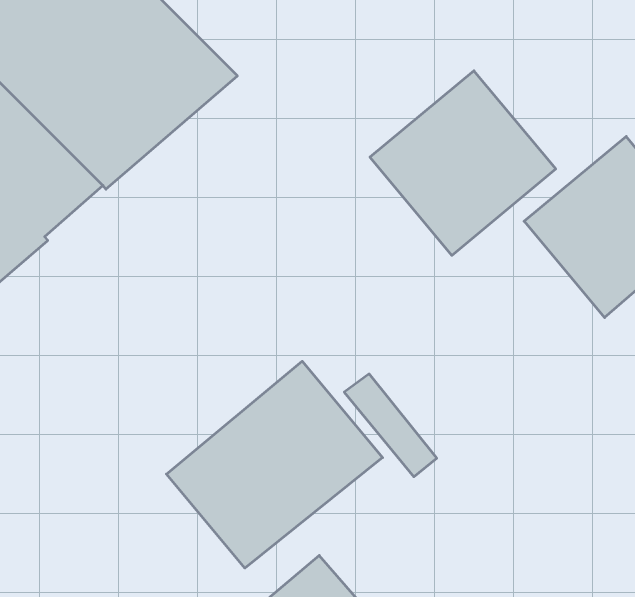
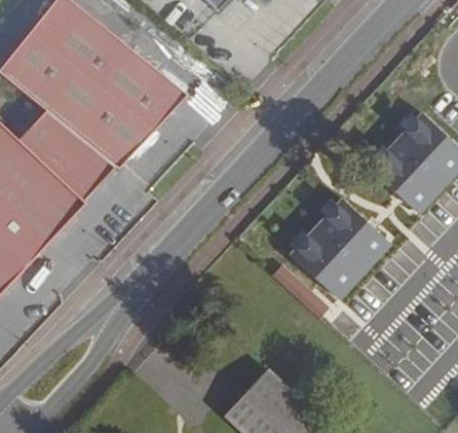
building: [370,71,556,255] -> [283,187,393,297]
building: [166,361,383,568] -> none

